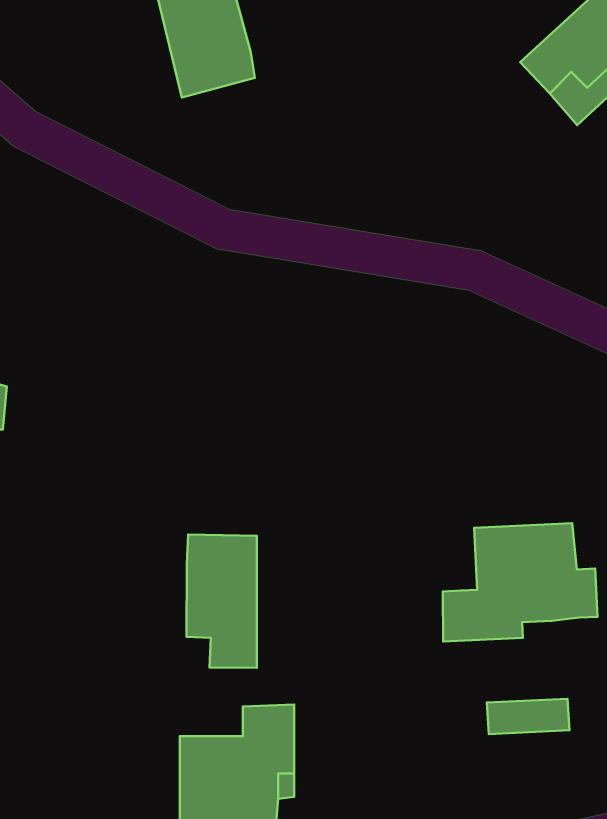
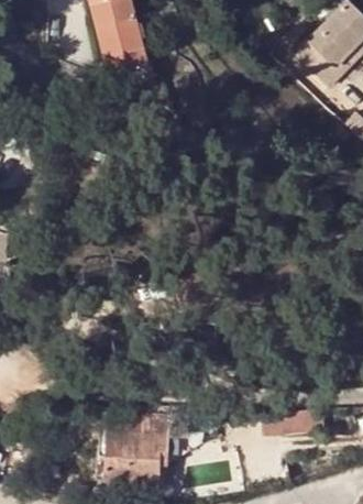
building: [443,523,597,642] -> none
building: [187,535,257,668] -> none

